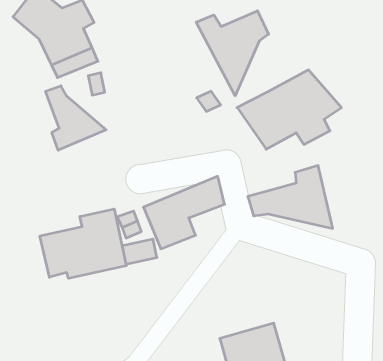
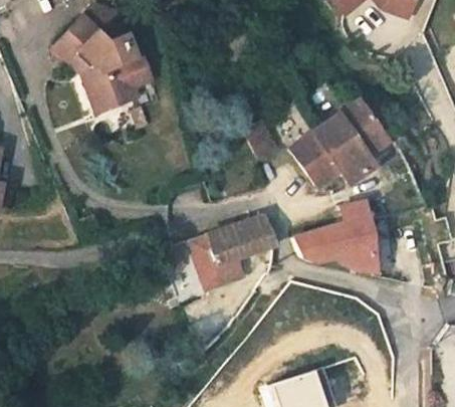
building: [196,11,269,96] -> none
building: [46,86,106,150] -> none
building: [40,209,126,278] -> none

